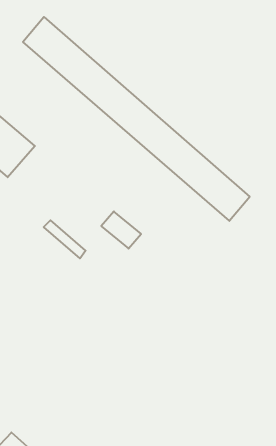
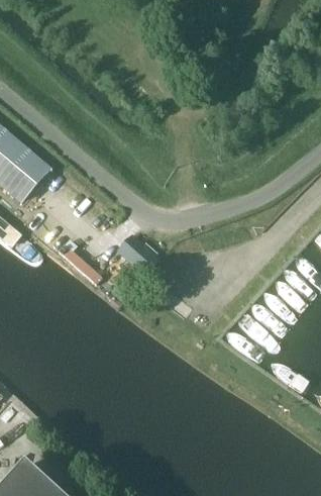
building: [23,17,250,221] -> none

